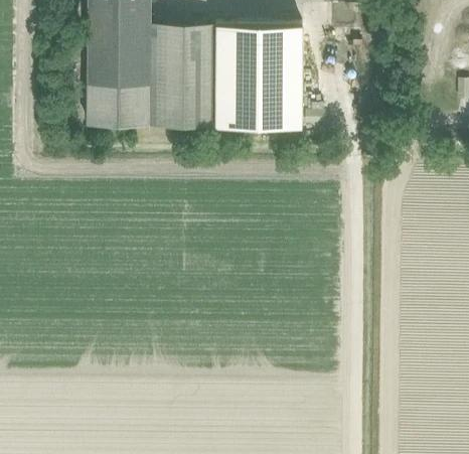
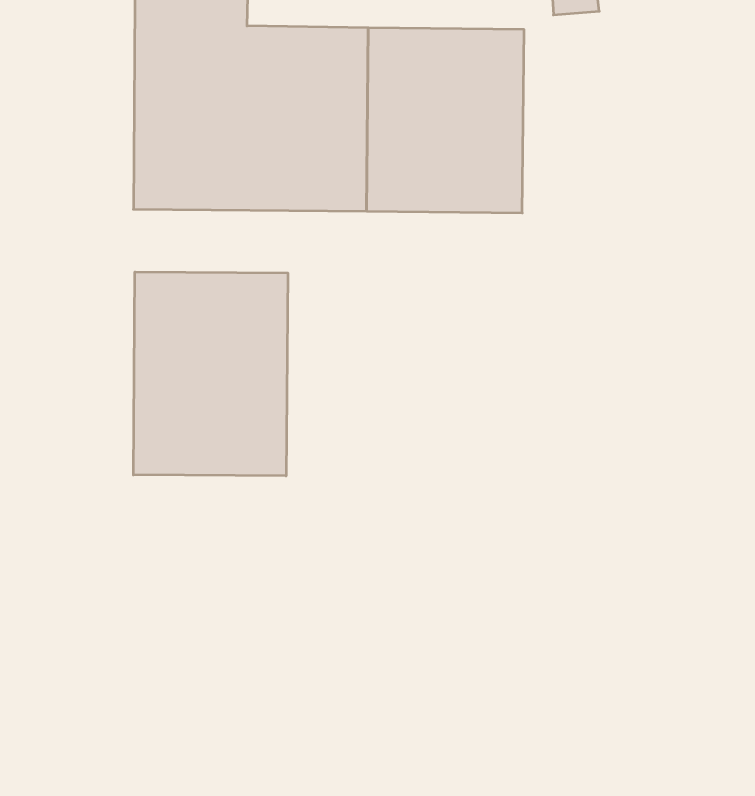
building: none -> [133,272,288,476]

